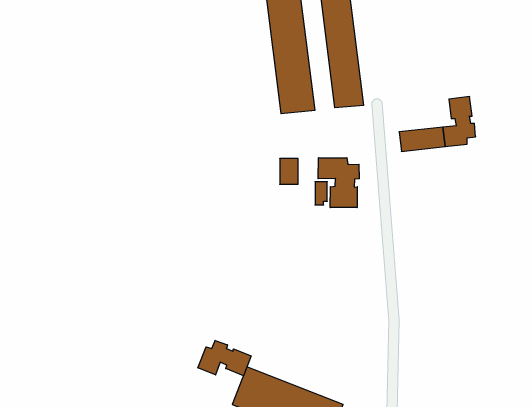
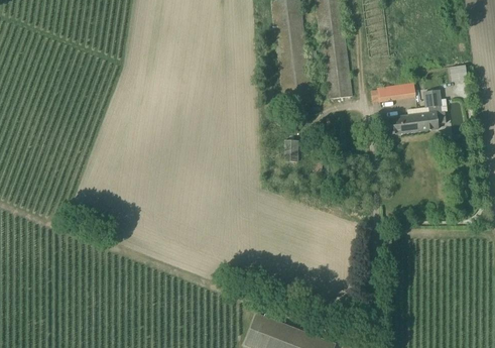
building: none -> [371,82,415,101]
building: [318,158,359,208] -> none
building: [198,340,251,376] -> none

